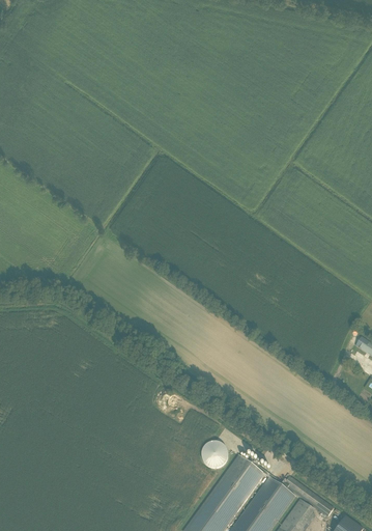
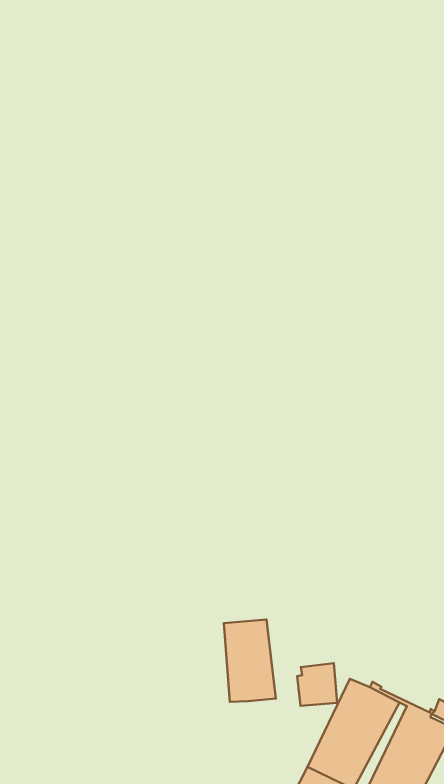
building: none -> [224,619,276,702]

